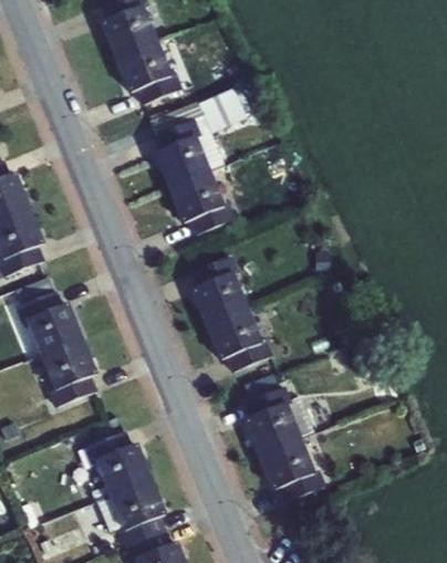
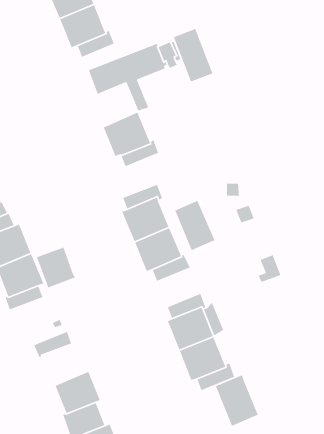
building: none -> [173,28,213,82]
building: [155,135,210,188] -> none
building: none -> [174,200,216,251]
building: none -> [36,246,76,288]
building: [95,445,152,497] -> none
building: none -> [215,374,259,427]

